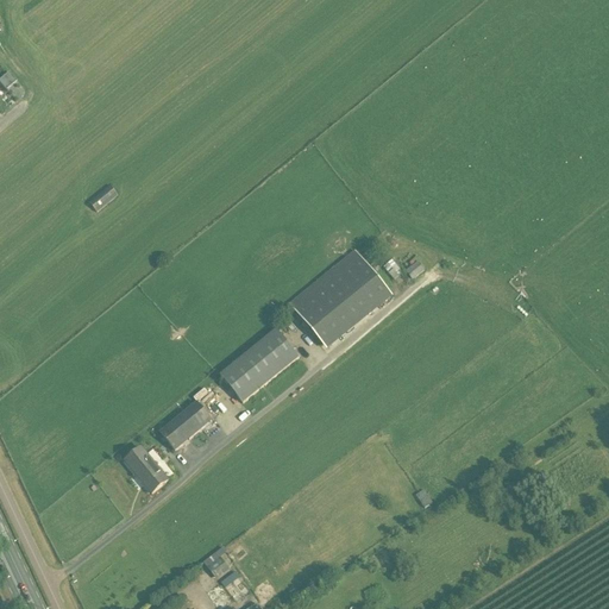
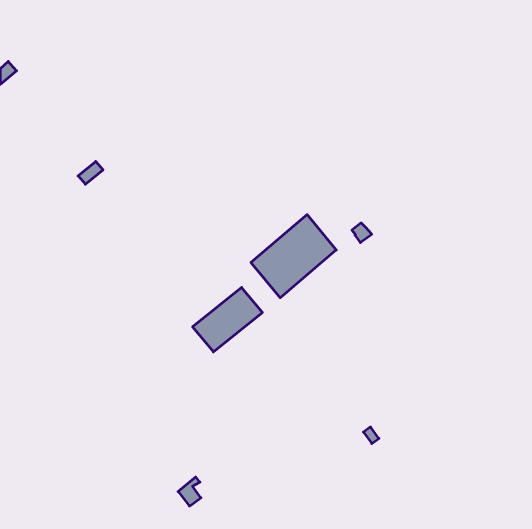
building: [159,400,212,450] -> none
building: [125,446,168,492] -> none

